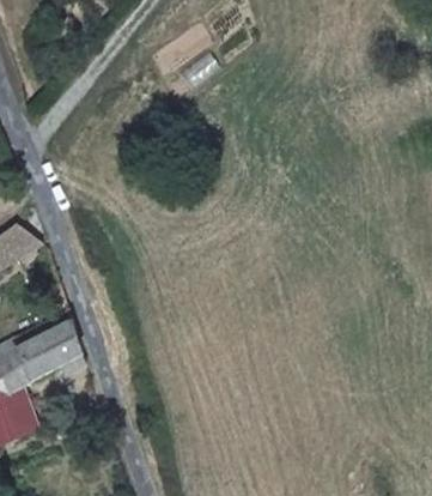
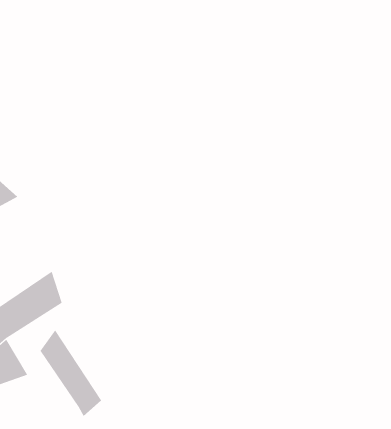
building: none -> [40,329,102,417]

